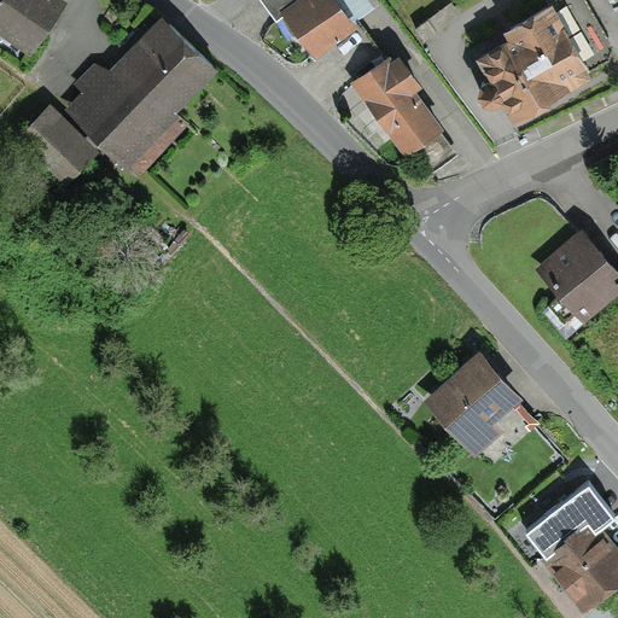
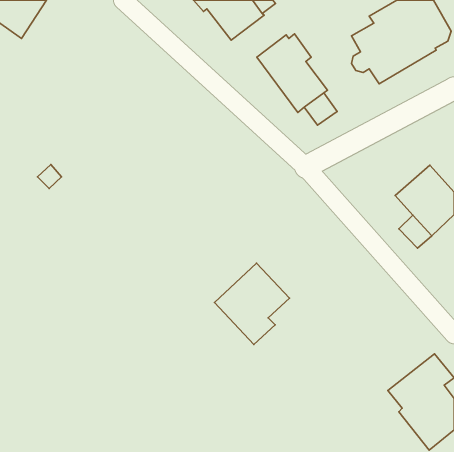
building: [65,16,217,180] -> none
building: [14,105,97,186] -> none
building: [421,350,523,460] -> [215,263,289,345]

